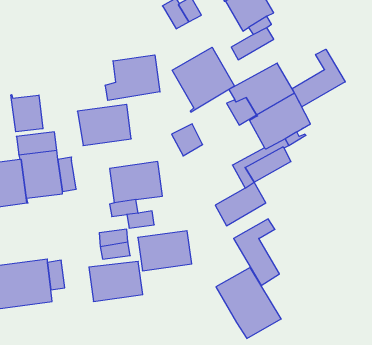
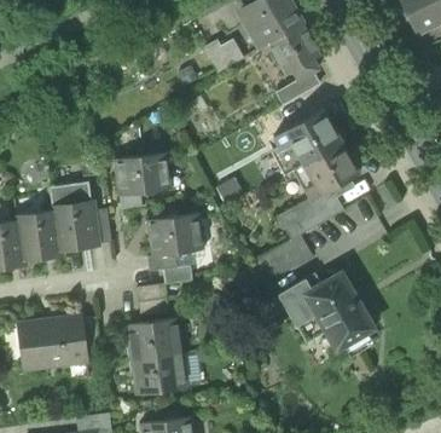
building: [172,47,235,112] -> none
building: [292,49,345,107] -> none
building: [105,55,160,100] -> none
building: [11,95,43,132] -> none
building: [138,231,192,271] -> [130,353,187,396]
building: [216,267,281,338] -> [304,273,373,348]

